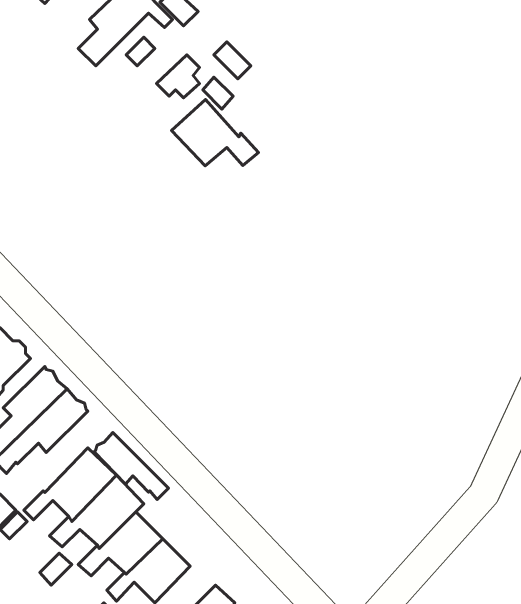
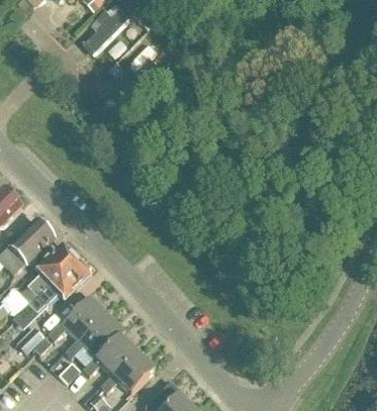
building: [172,99,258,166] -> none
building: [94,432,169,499] -> none

